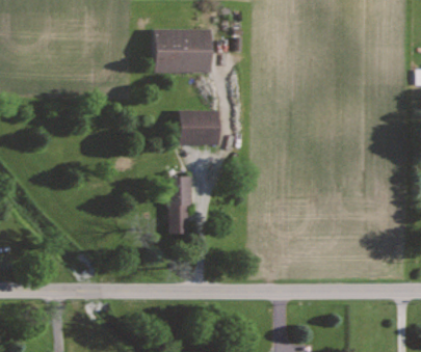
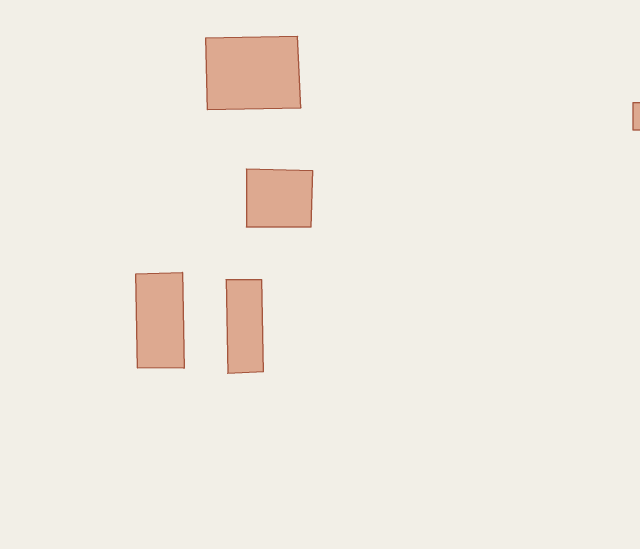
building: none -> [136,272,184,368]

